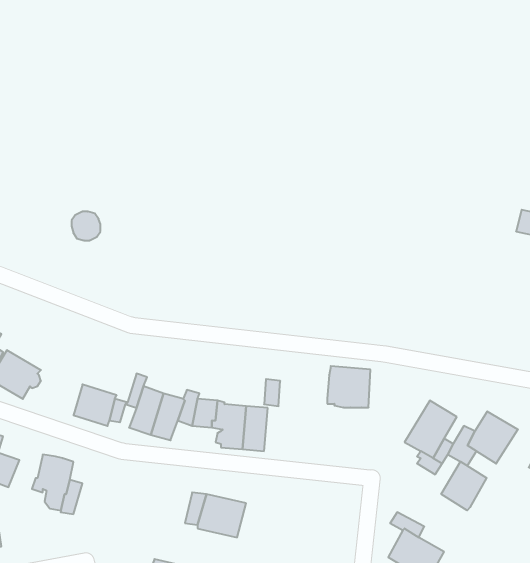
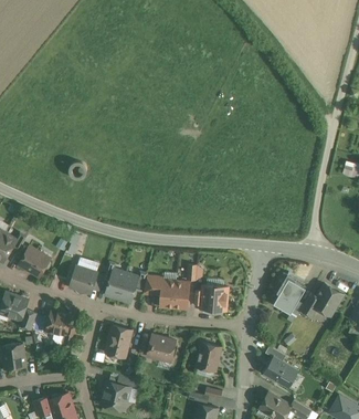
building: [327,366,370,407] -> [201,285,228,311]
building: [441,462,487,510] -> none
building: none -> [106,326,131,358]
building: none -> [197,343,221,371]

